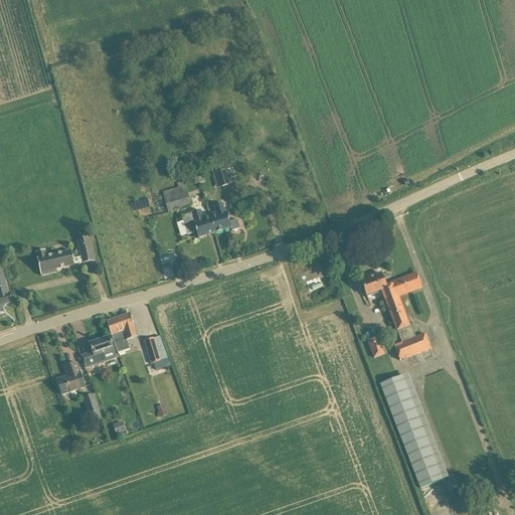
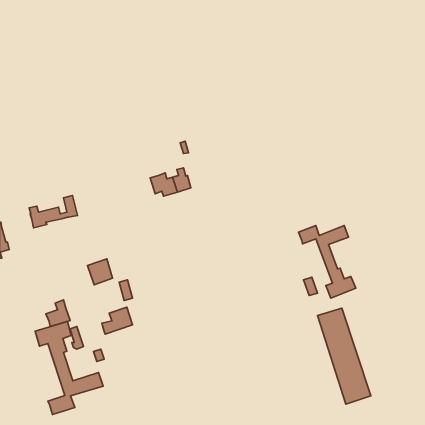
building: [162,184,190,211] -> none
building: [79,335,117,367] -> [102,307,133,334]
building: none -> [35,321,103,415]

